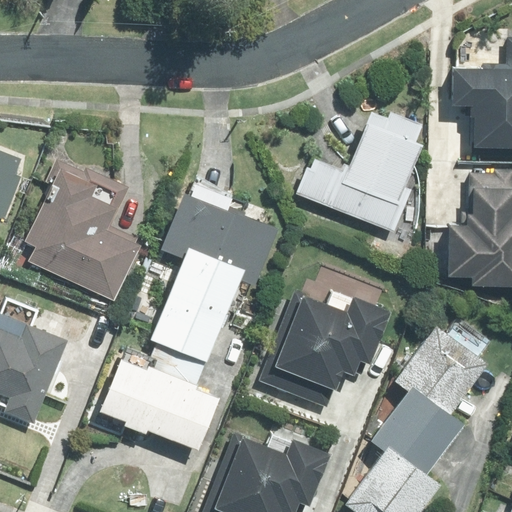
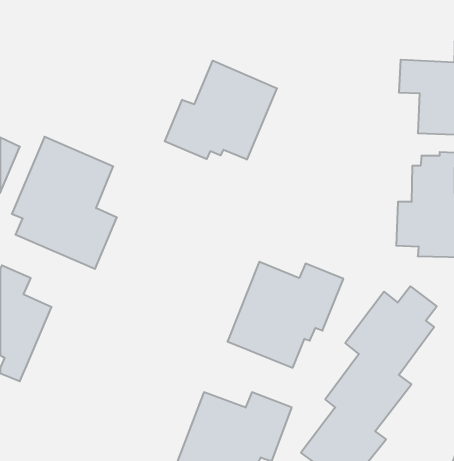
building: none -> [165,61,277,160]
building: [296,106,420,233] -> none
building: [99,199,278,452] -> none

